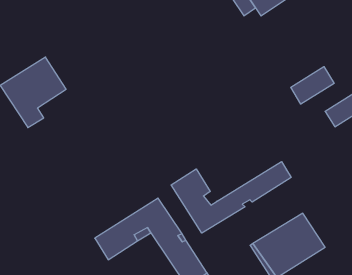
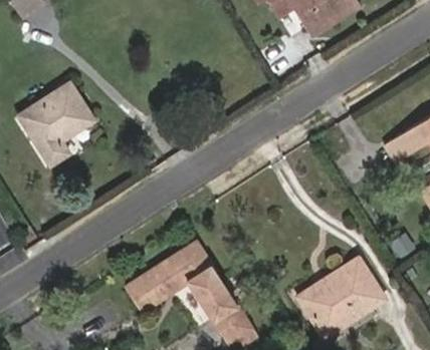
building: [291,67,334,104] -> none
building: [171,162,291,233] -> none

